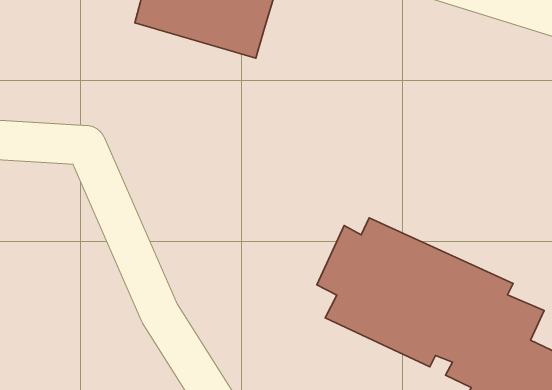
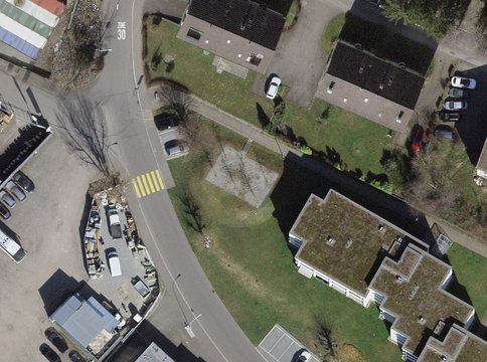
building: none -> [319,36,429,126]

